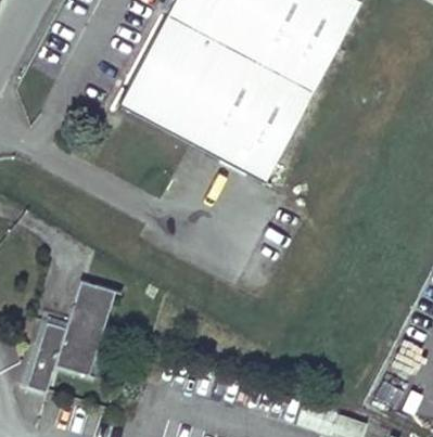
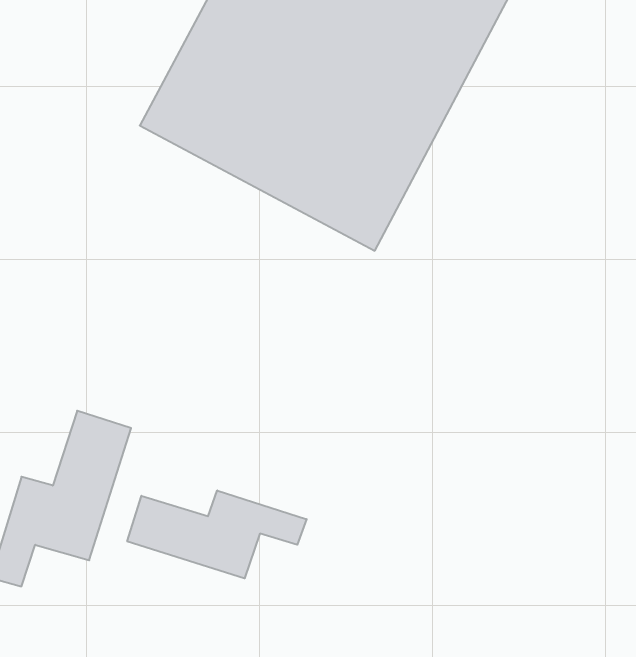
building: none -> [127,490,307,578]

